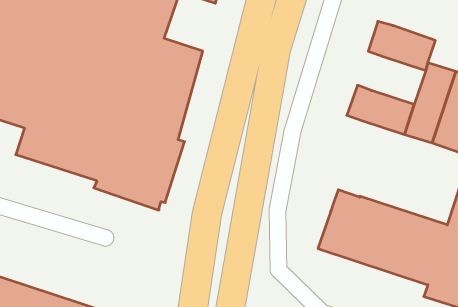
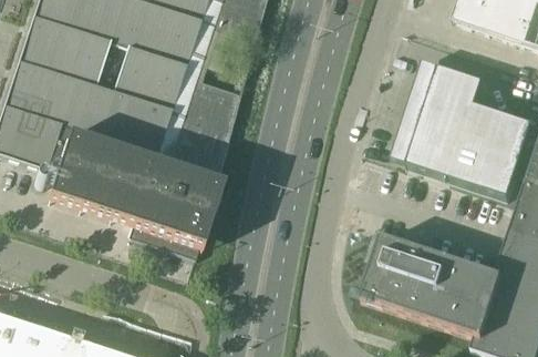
building: none -> [402,90,473,145]

